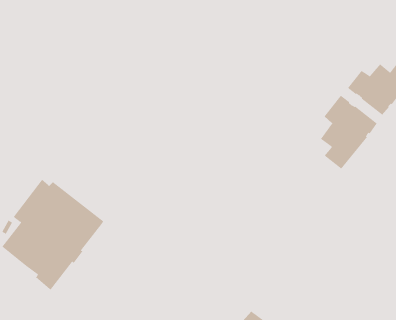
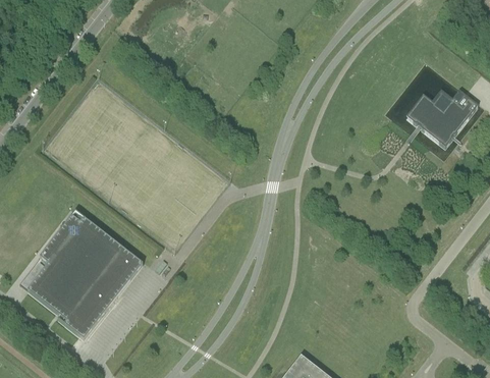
building: [320,95,378,169] -> none

